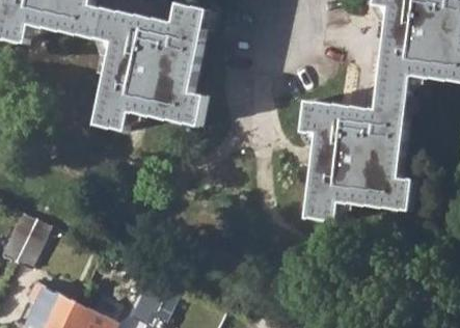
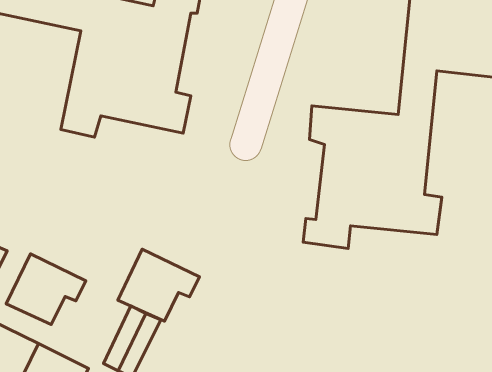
building: none -> [118,249,200,321]
building: none -> [6,254,86,324]

